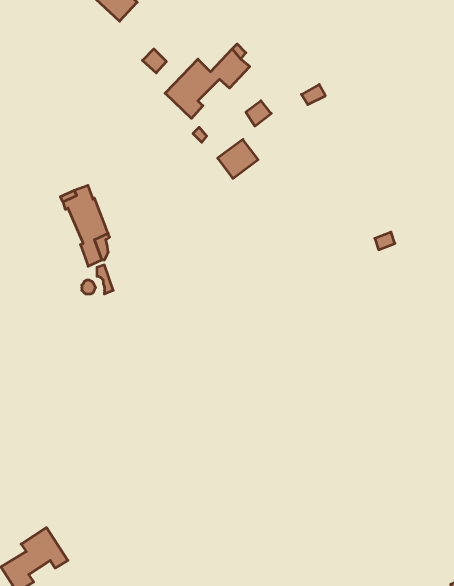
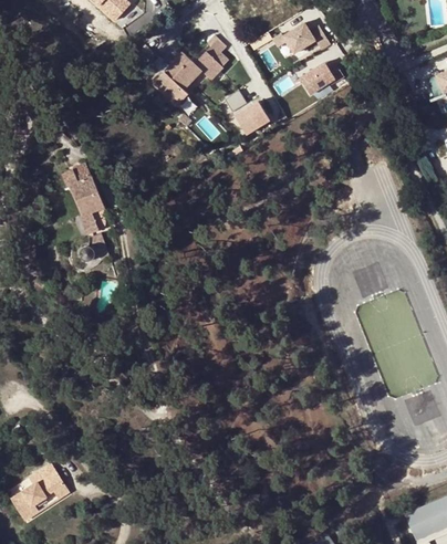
building: none -> [271,22,329,53]
building: none -> [299,62,343,95]
building: [218,139,258,178] -> [236,100,271,134]

